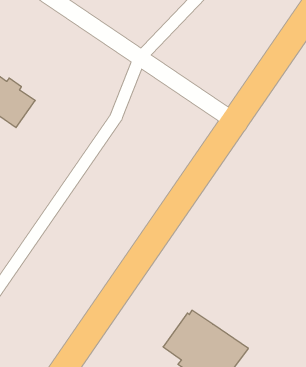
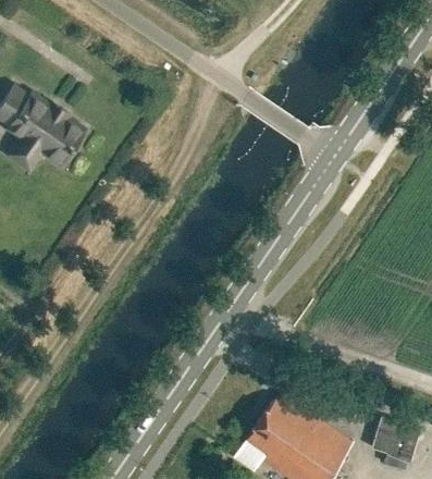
building: none -> [369,415,419,459]

